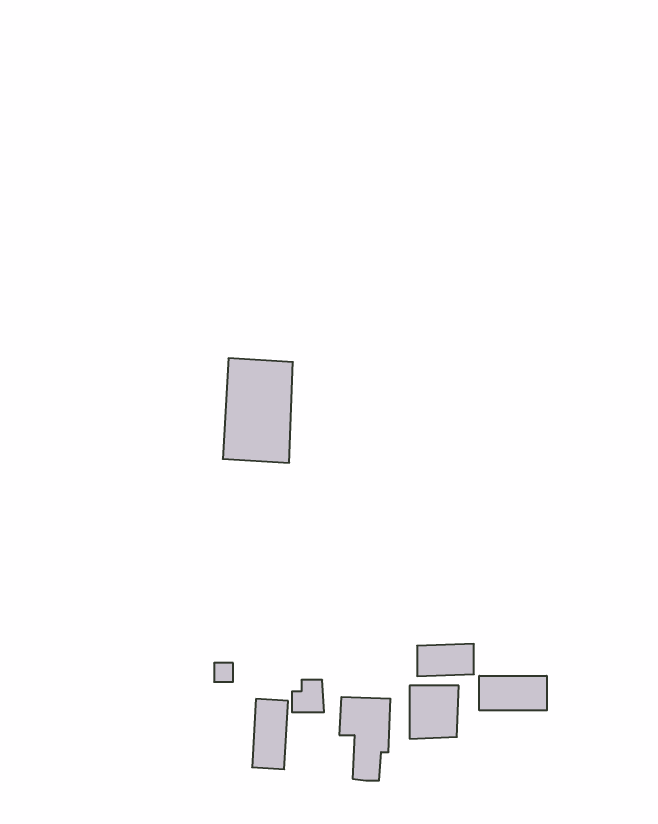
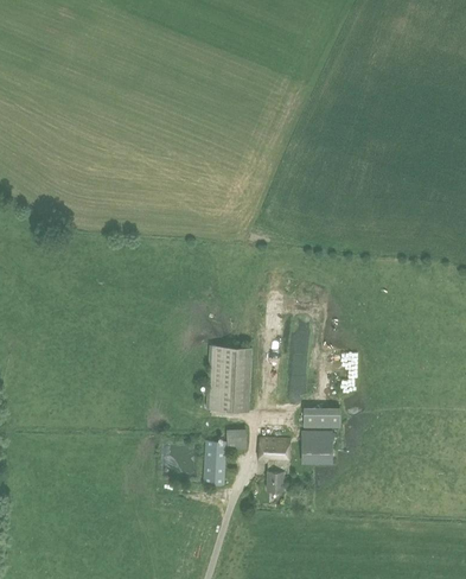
building: [223,358,293,463] -> [208,345,251,411]
building: [479,676,547,710] -> none

